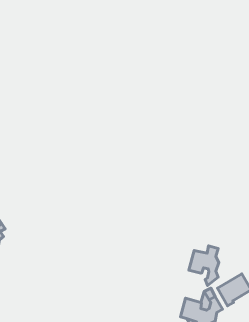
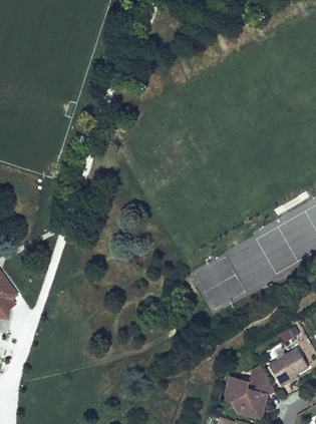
building: [189,246,219,285] -> none

